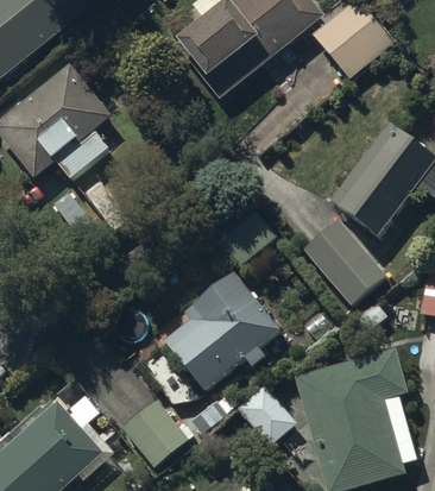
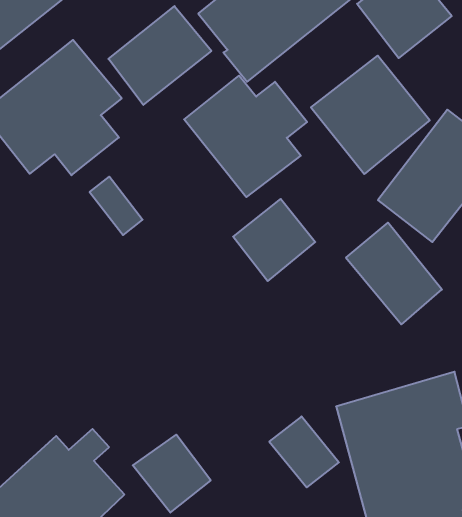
building: none -> [108,6,211,105]
building: none -> [311,56,430,174]
building: none -> [184,76,307,197]
building: [164,271,279,390] -> none

